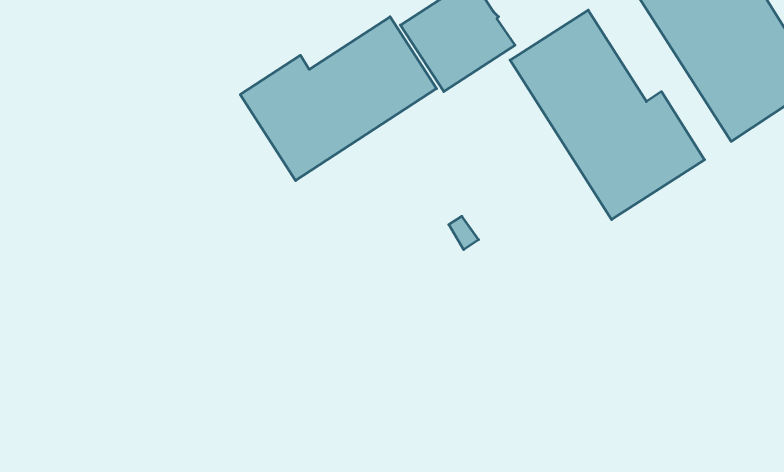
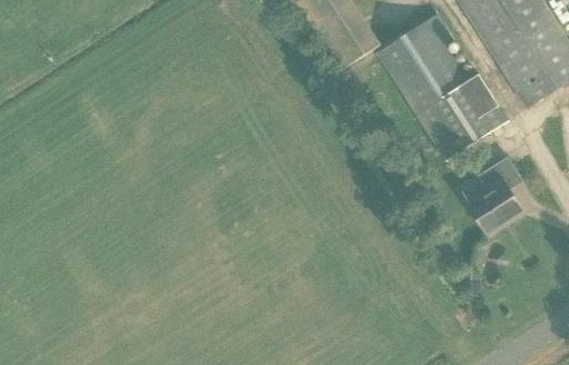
building: [240,17,437,181] -> none
building: none -> [468,155,524,233]

